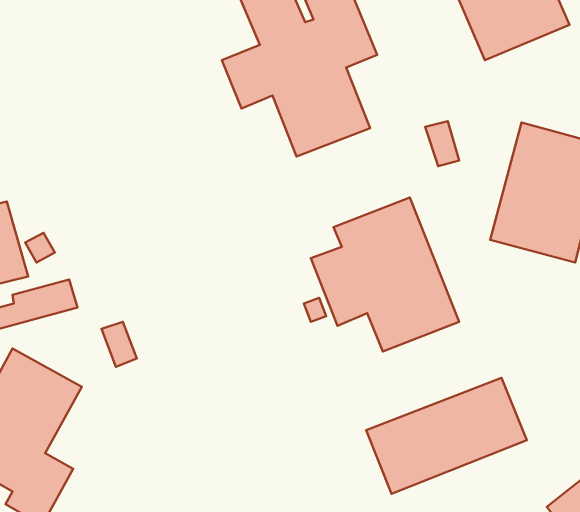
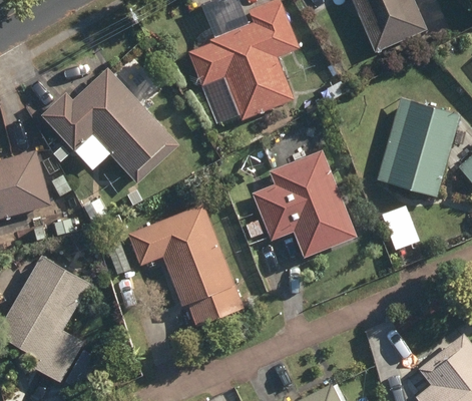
building: none -> [40,68,179,184]
building: none -> [127,204,244,328]
building: [366,378,527,494] -> none

